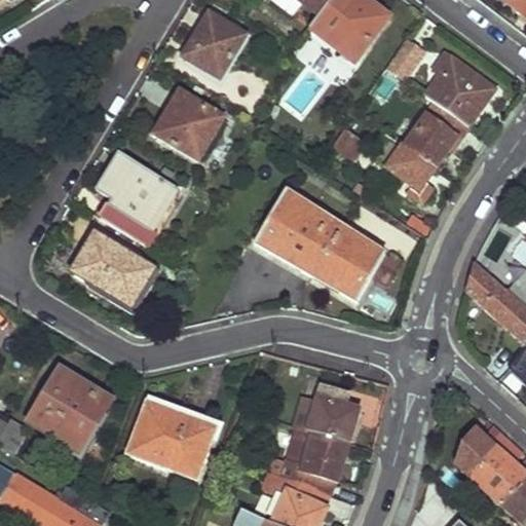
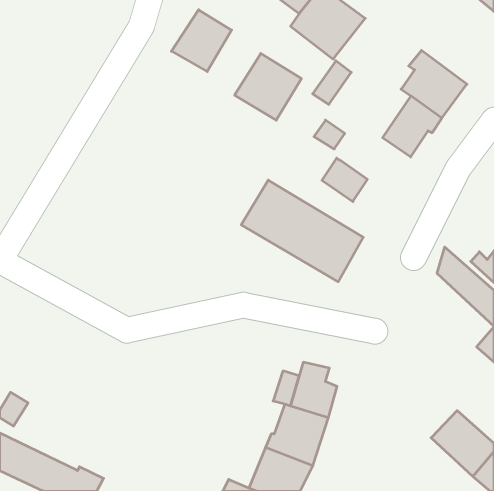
building: [385,32,426,78] -> [313,61,351,104]
building: [154,89,225,160] -> [235,53,301,120]
building: [387,144,436,190] -> [322,158,367,202]
building: [100,153,172,239] -> none
building: [69,229,154,307] -> none
building: [28,365,113,451] -> none
building: [128,402,217,479] -> none

